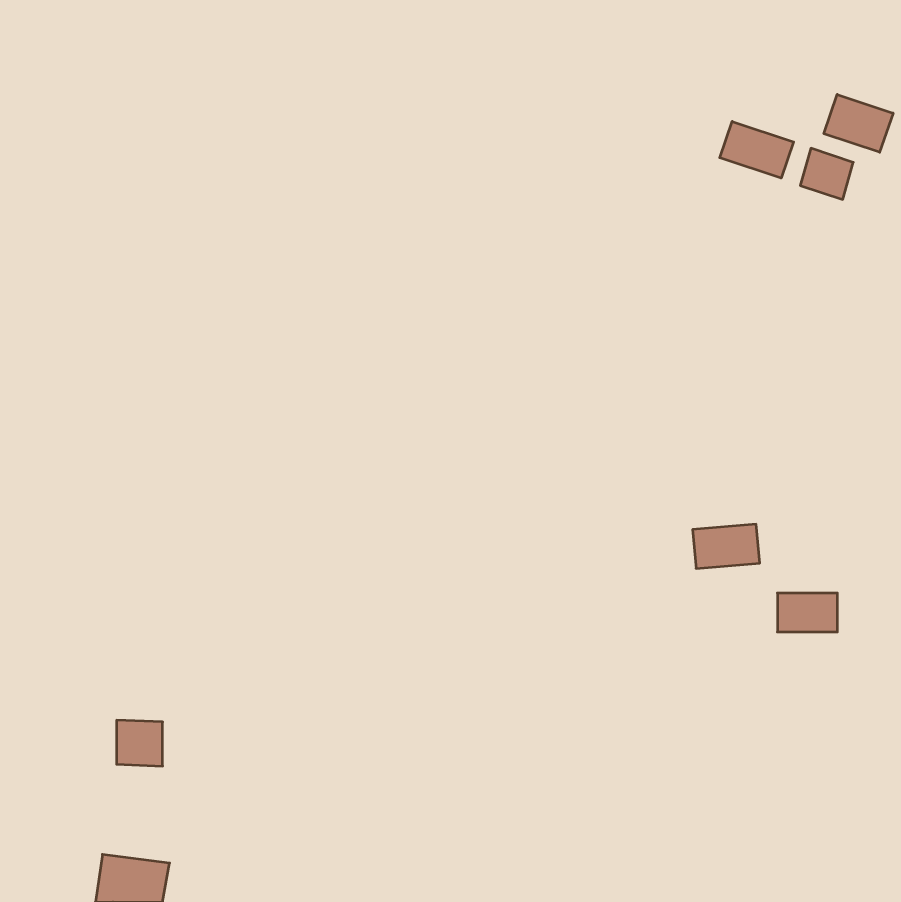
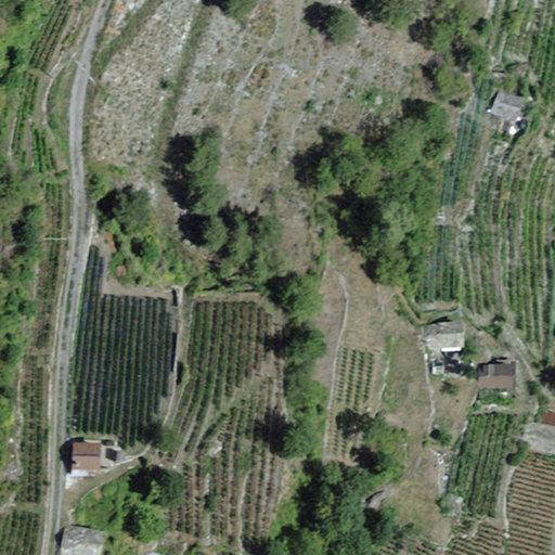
building: [824,94,893,152] -> none
building: [720,121,794,178] -> none

